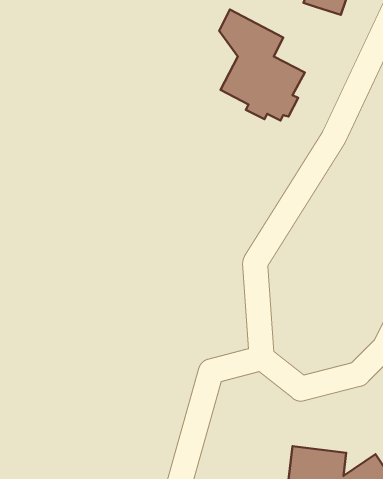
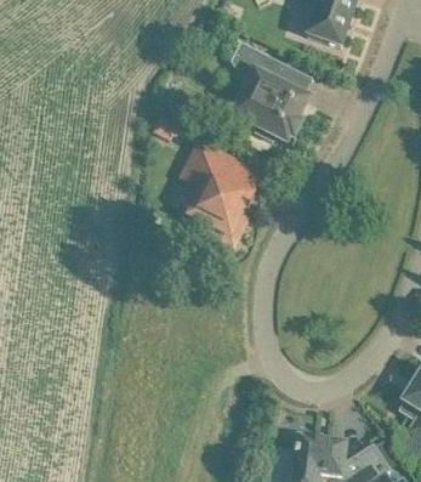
building: none -> [180,138,251,244]

